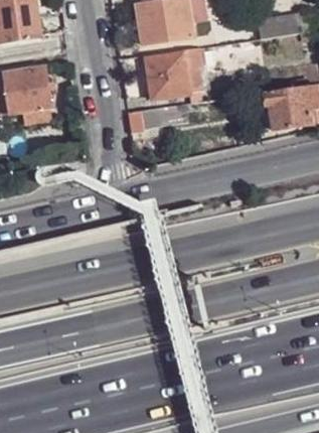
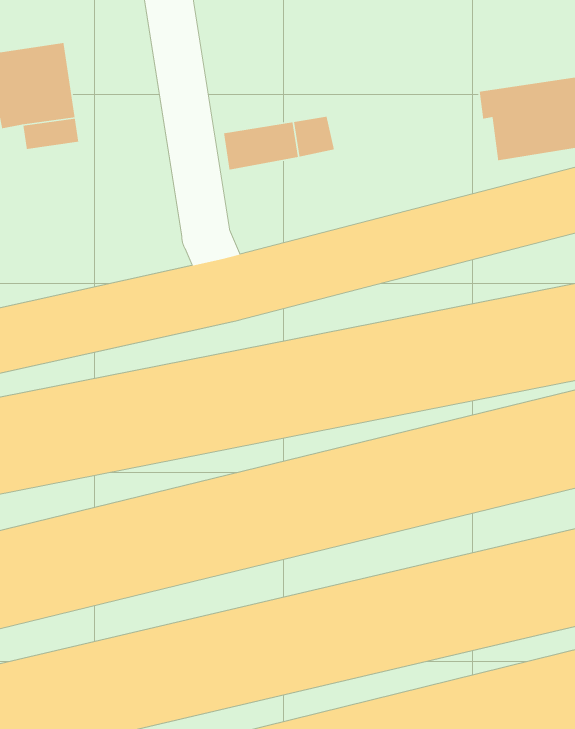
building: [145,49,205,100] -> none

